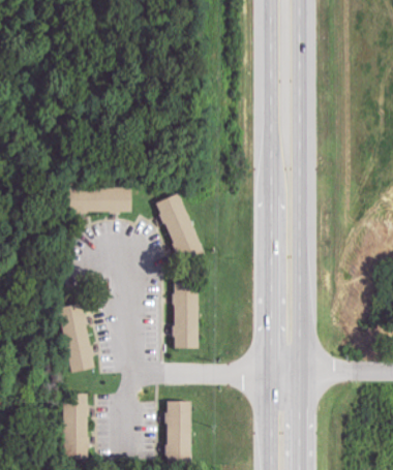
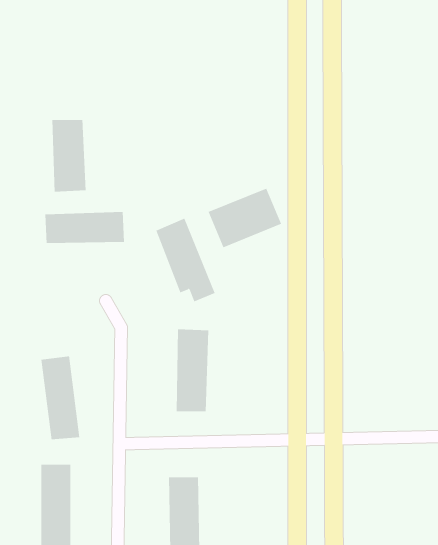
building: none -> [52,119,86,193]
building: none -> [208,188,282,248]

